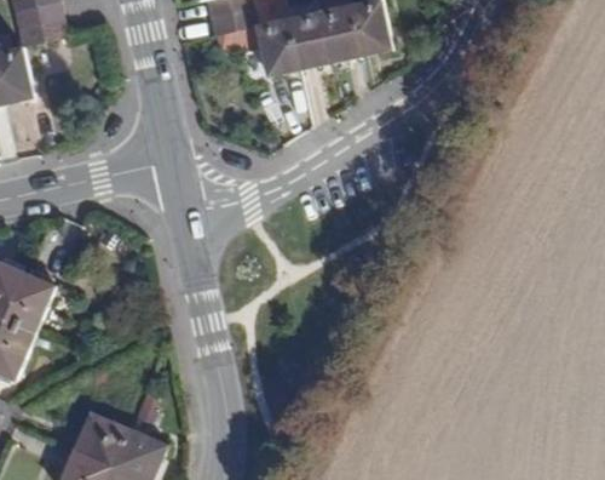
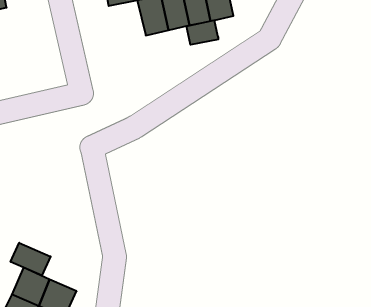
building: none -> [187,20,218,45]
building: none -> [11,243,51,276]

